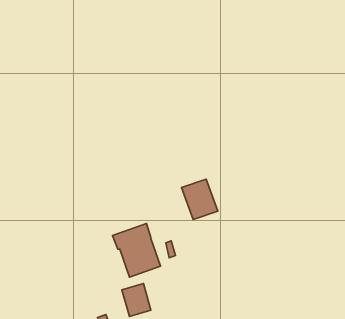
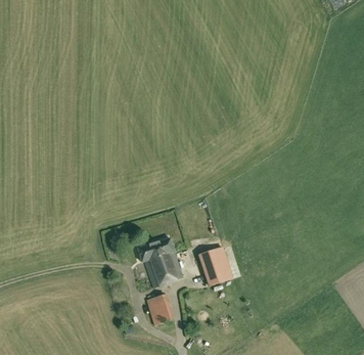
building: [182,179,218,220] -> [199,247,234,285]

